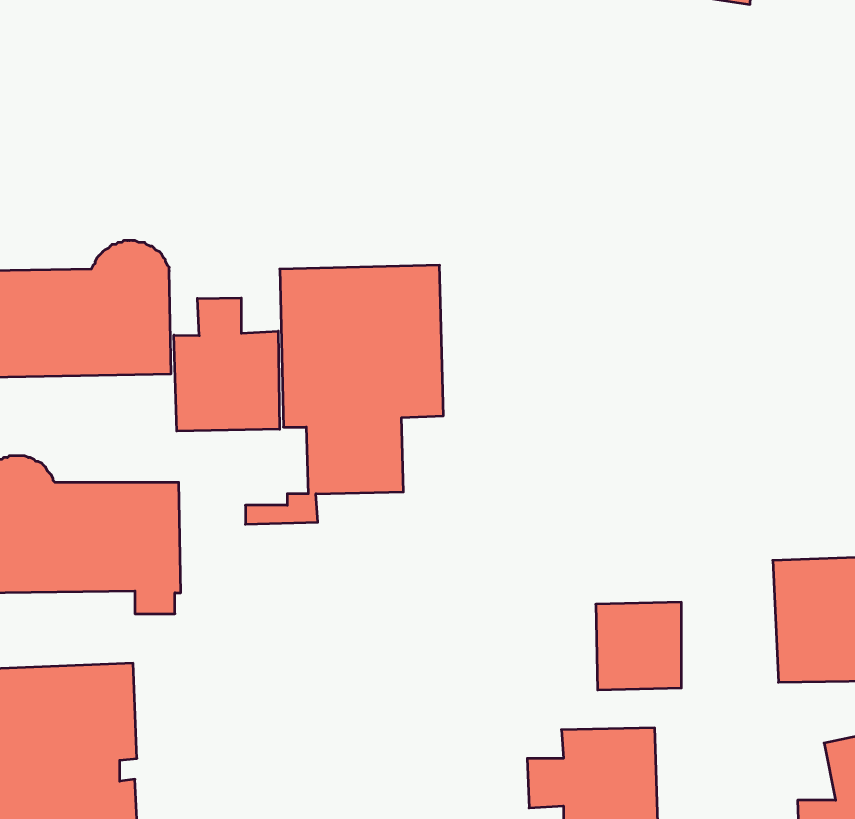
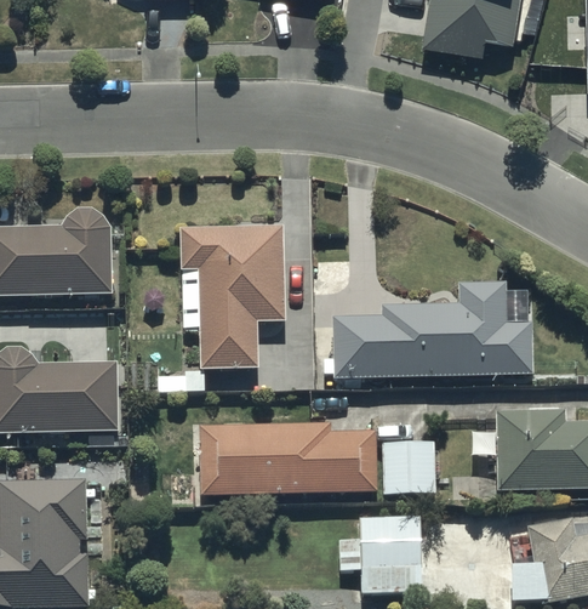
building: [174,298,280,431] -> none
building: none -> [331,281,533,379]
building: none -> [198,422,377,496]

